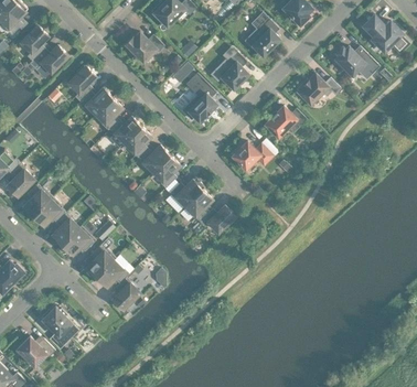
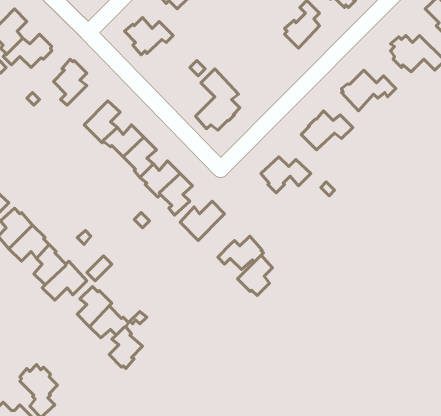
building: [221,51,248,89] -> none
building: [79,88,111,117] -> none
building: [183,190,211,222] -> [238,255,272,296]

